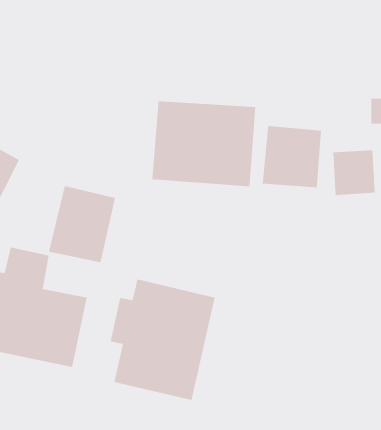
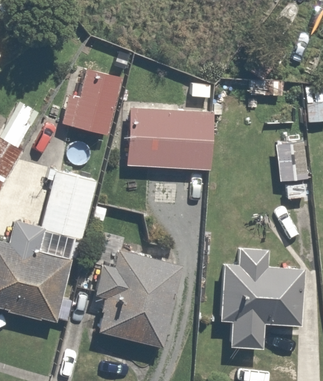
building: none -> [60,73,120,135]
building: [262,125,321,188] -> none
building: none -> [219,245,302,350]

